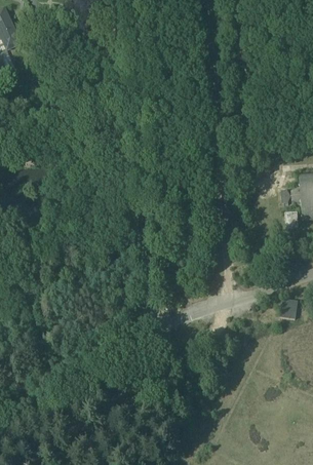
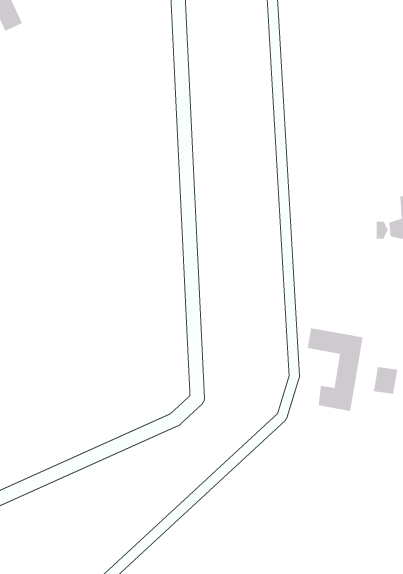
building: none -> [307,327,363,412]

